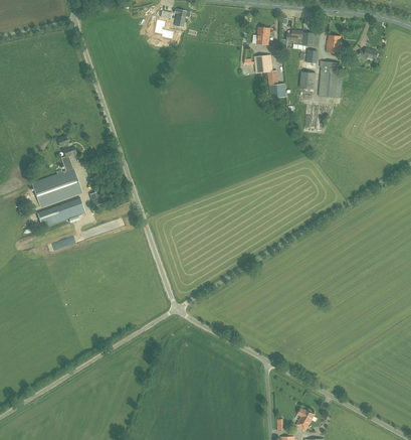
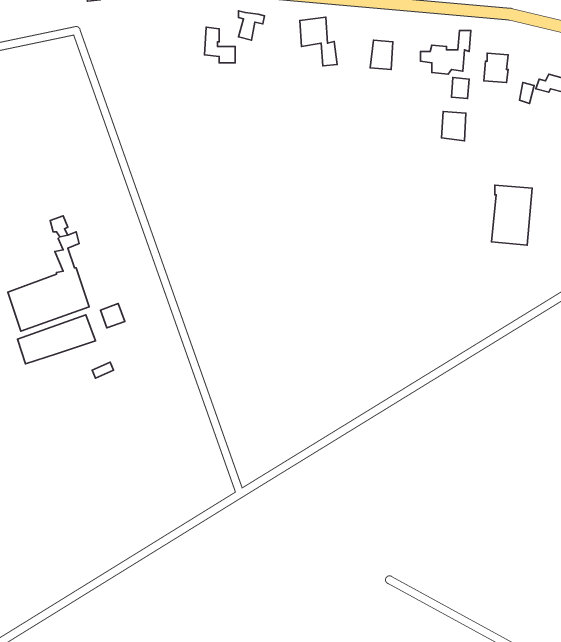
building: [254,54,277,85] -> [300,17,337,66]
building: [318,60,343,98] -> [491,185,532,245]

